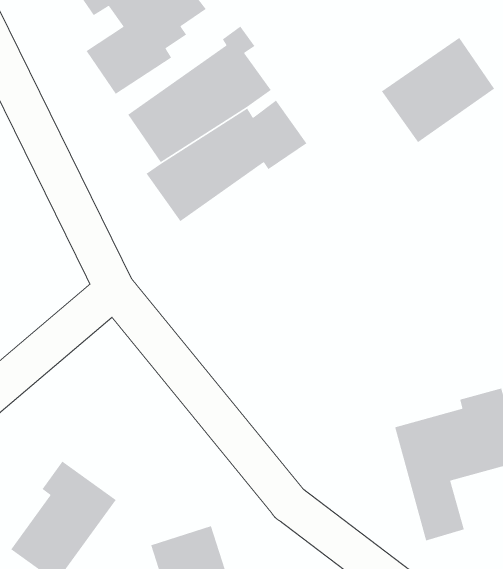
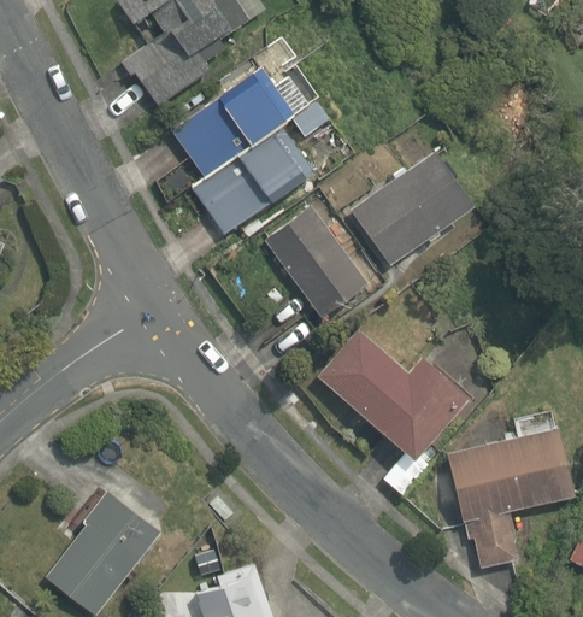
building: [381,37,495,143] -> [351,151,470,262]
building: none -> [261,205,366,323]
building: none -> [317,329,465,499]

